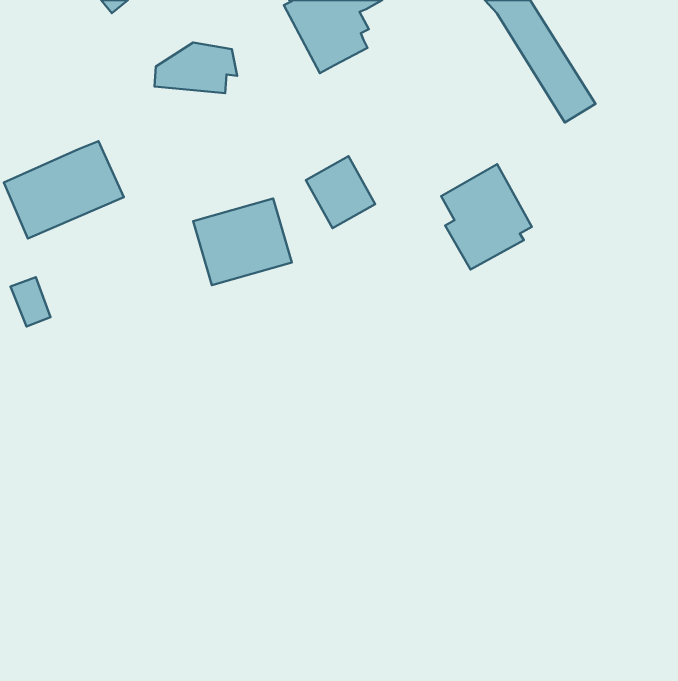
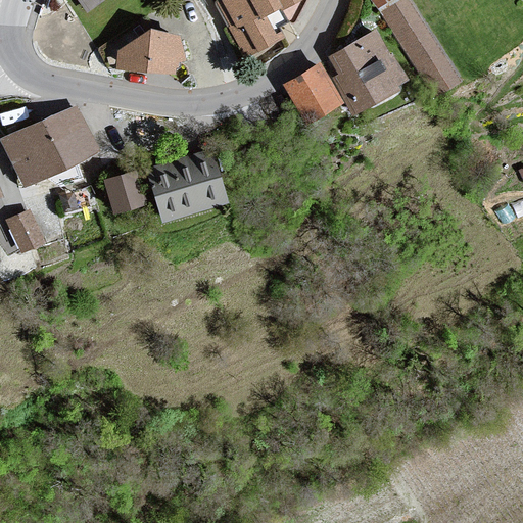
building: [306,156,375,228] -> [285,65,338,121]
building: [441,164,532,269] -> [331,32,400,112]
building: none -> [105,173,142,210]

